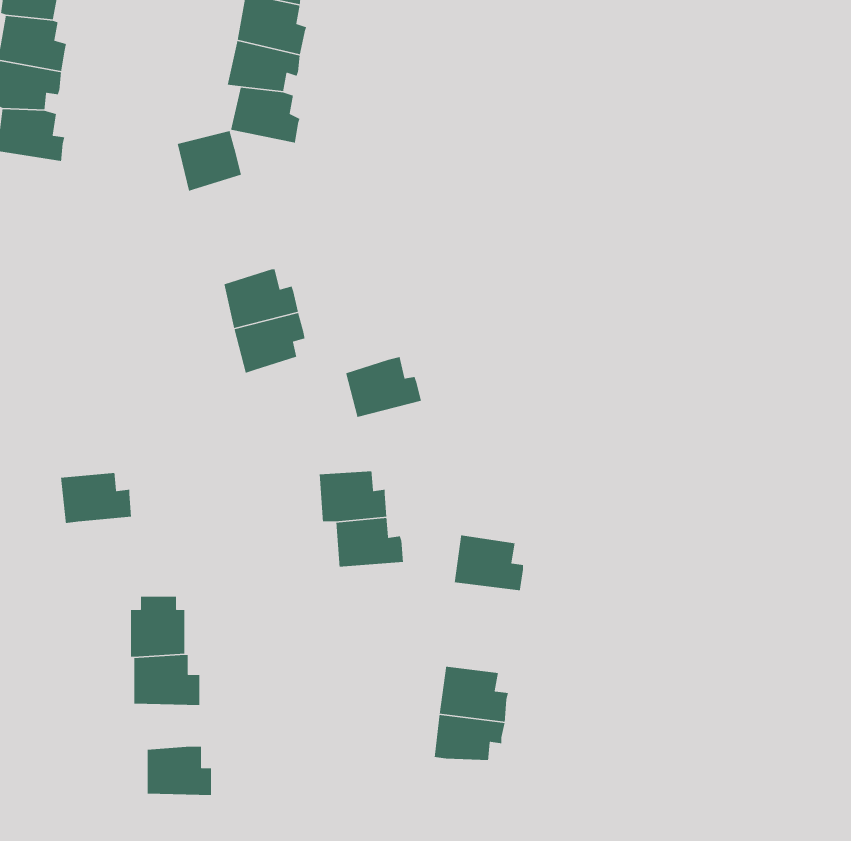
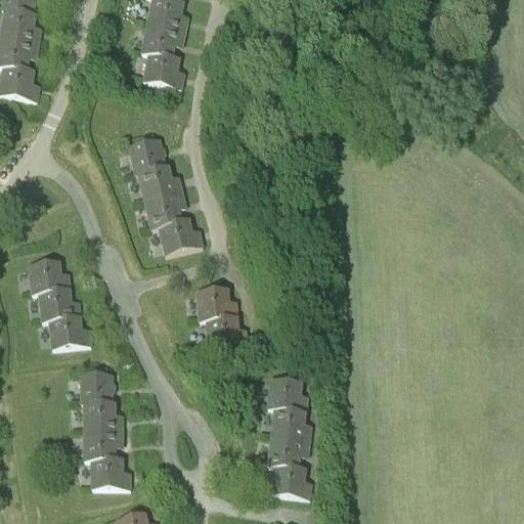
building: [177,130,242,192] -> [127,137,167,175]
building: [345,356,422,418] -> [157,217,204,255]
building: none -> [27,260,71,294]
building: none -> [48,317,91,348]
building: [454,534,524,591] -> [265,378,308,412]
building: none -> [82,432,123,460]
building: none -> [270,466,311,498]

